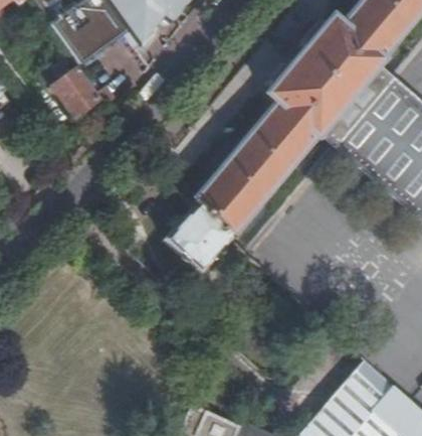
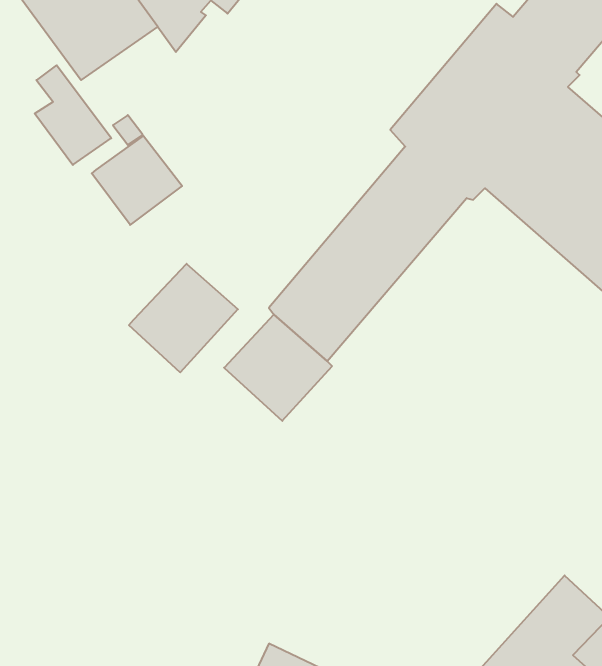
building: none -> [92,136,182,225]
building: none -> [129,264,238,372]

